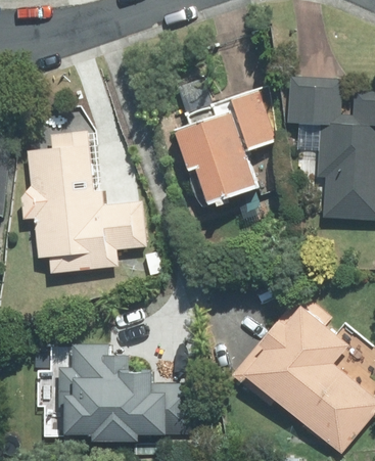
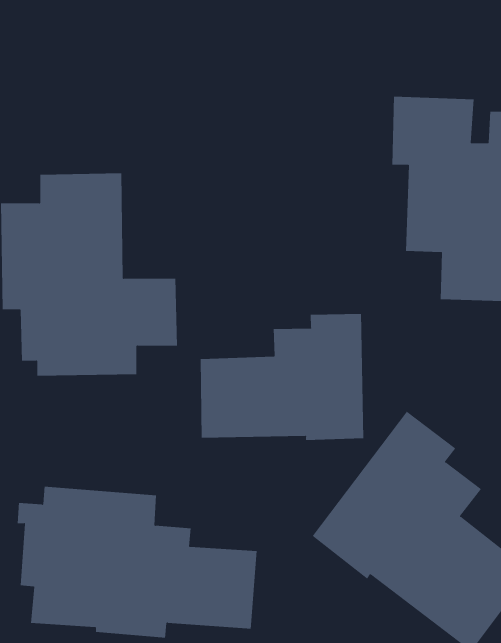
building: [173,92,275,210] -> none
building: none -> [200,313,364,441]

